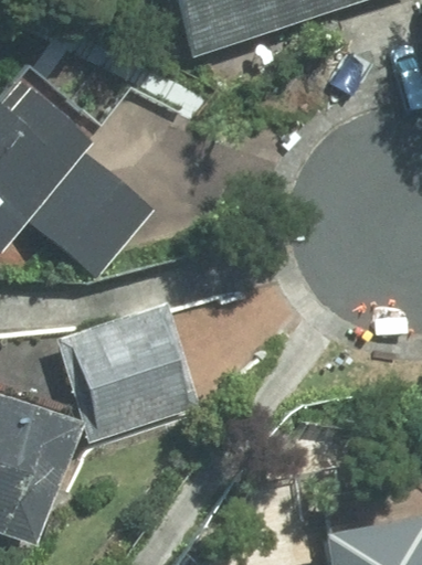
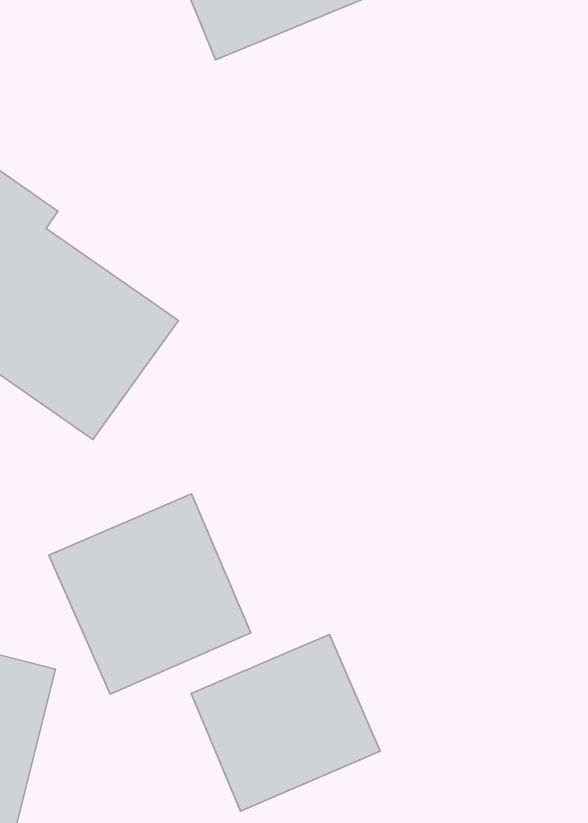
building: none -> [191,635,380,811]

